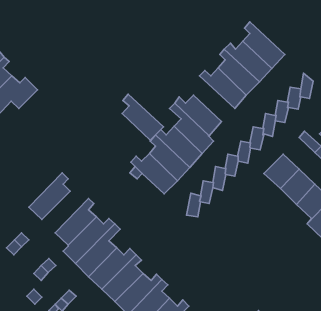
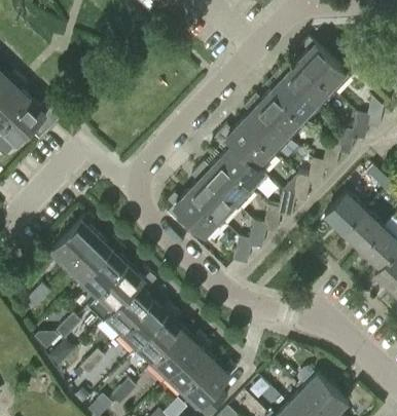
building: [122,94,163,140] -> [242,102,290,155]
building: none -> [65,236,119,285]

